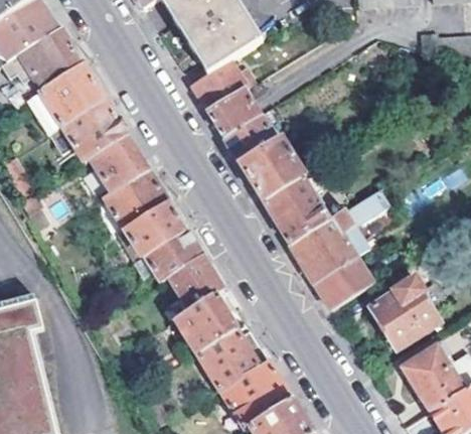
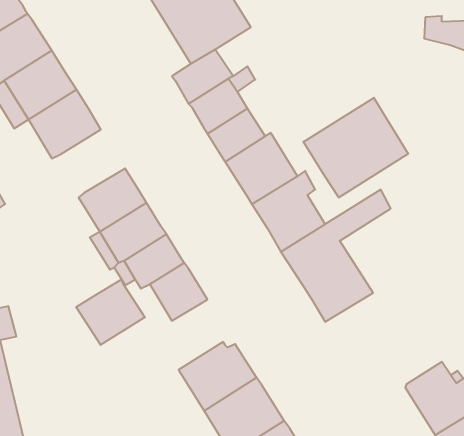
building: none -> [303,98,408,198]
building: [90,135,148,192] -> none
building: [369,276,440,348] -> none
building: [174,293,237,352] -> [76,279,145,345]

